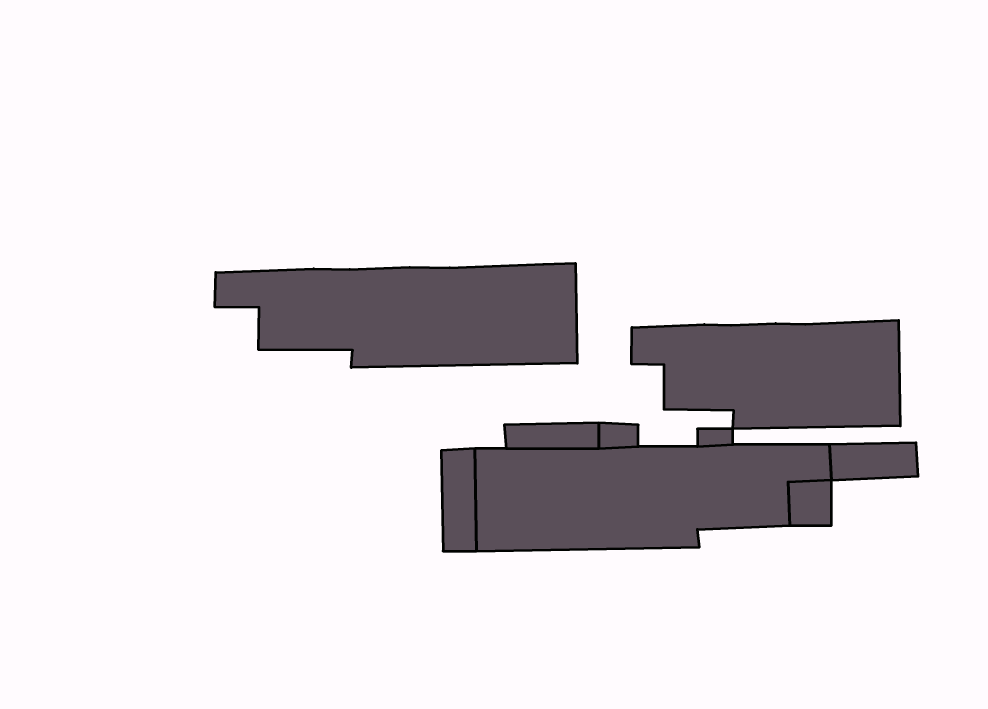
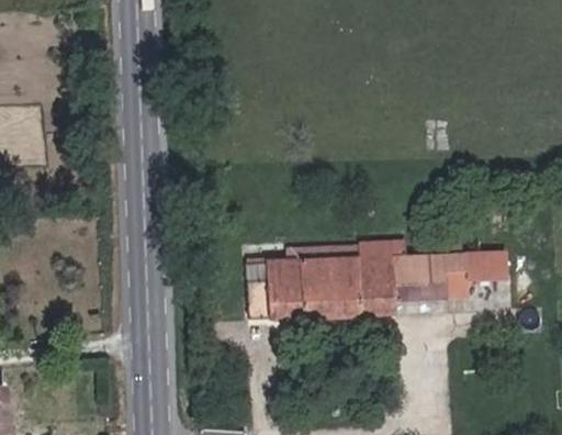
building: [215,263,577,368] -> none
building: [632,320,900,429] -> none

